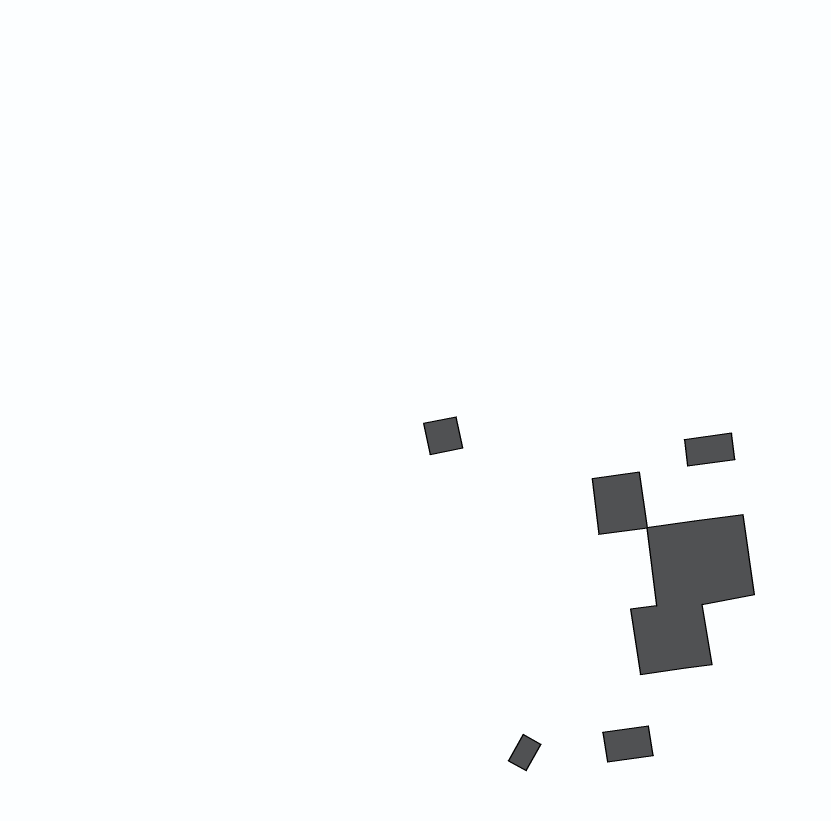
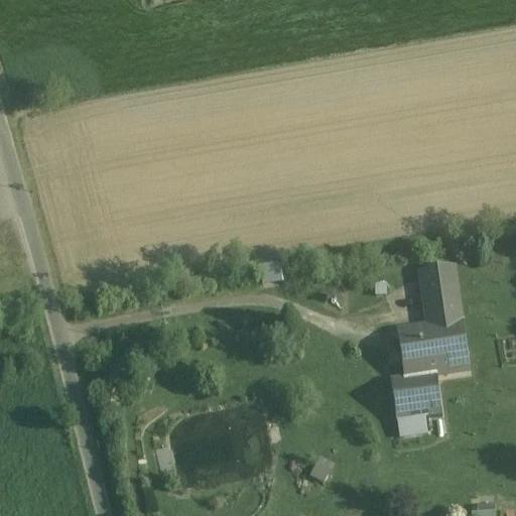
building: [592,472,648,534] -> [425,284,460,322]
building: [603,726,653,762] -> [396,413,427,435]

